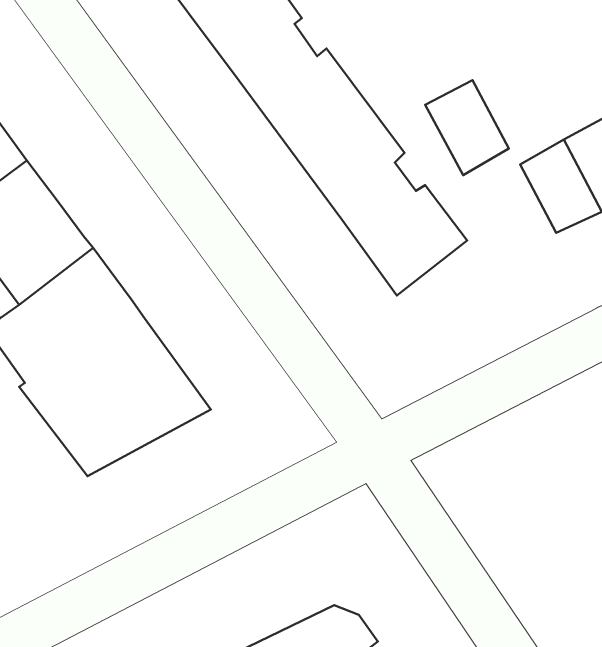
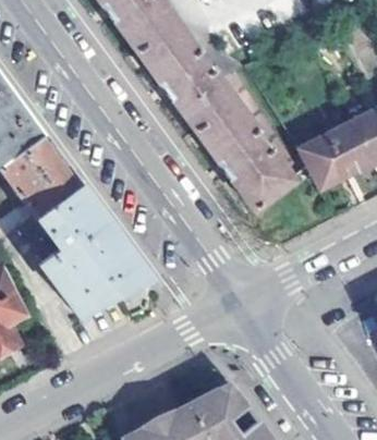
building: [425,80,509,175] -> [299,136,346,191]

